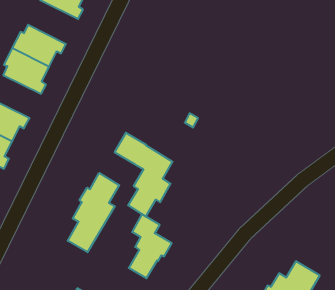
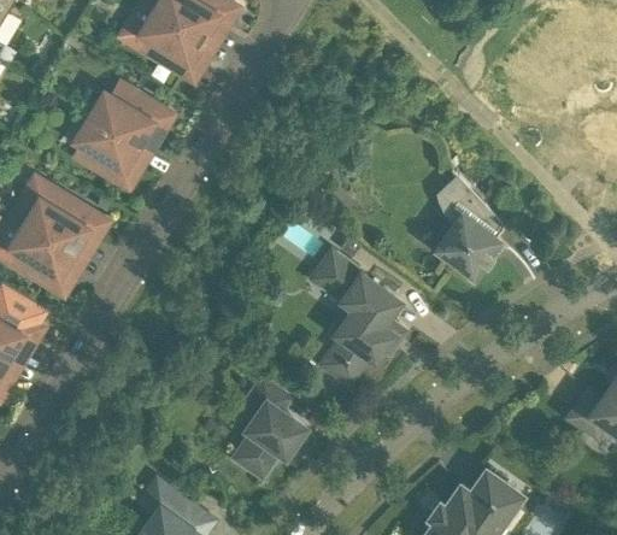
building: none -> [439,171,504,266]
building: [115,133,173,217] -> [316,249,401,377]
building: [68,173,119,252] -> none

